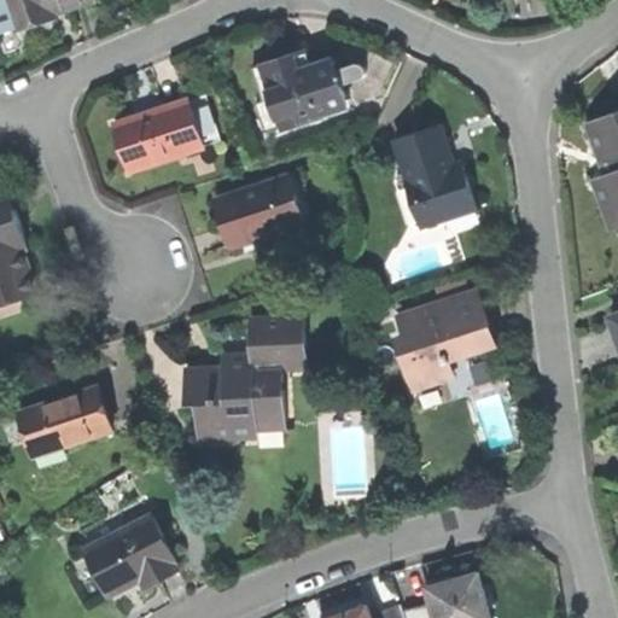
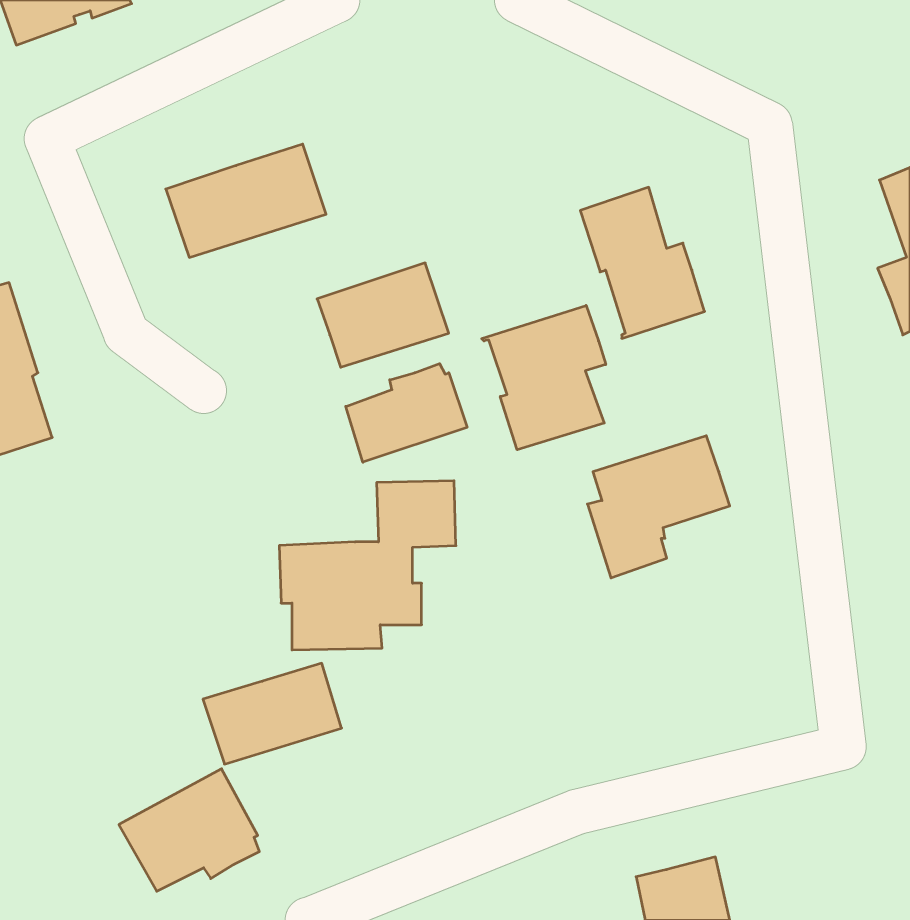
building: [256,36,397,129] -> none
building: none -> [482,305,606,450]
building: none -> [346,364,467,462]
building: [13,390,106,457] -> [203,663,342,764]

